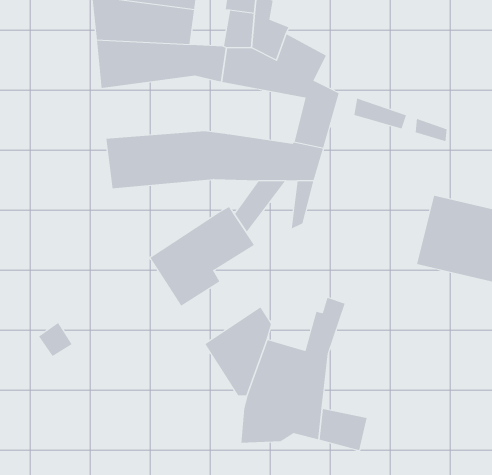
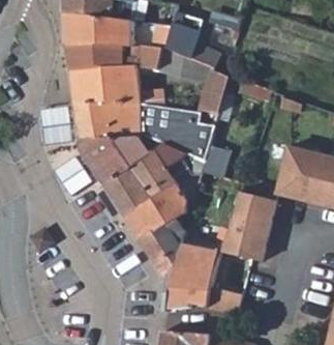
building: none -> [70,67,157,109]
building: none -> [78,136,148,188]
building: none -> [123,179,187,245]
building: none -> [220,191,276,260]

